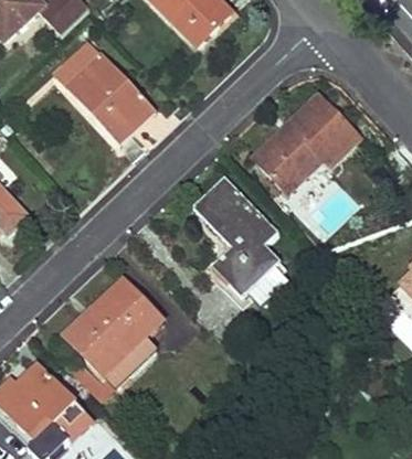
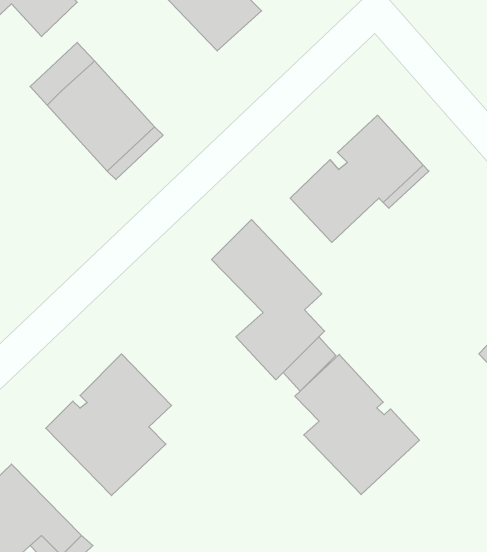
building: none -> [295,354,419,495]

